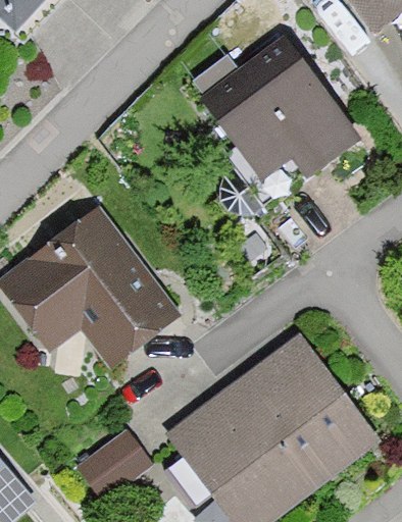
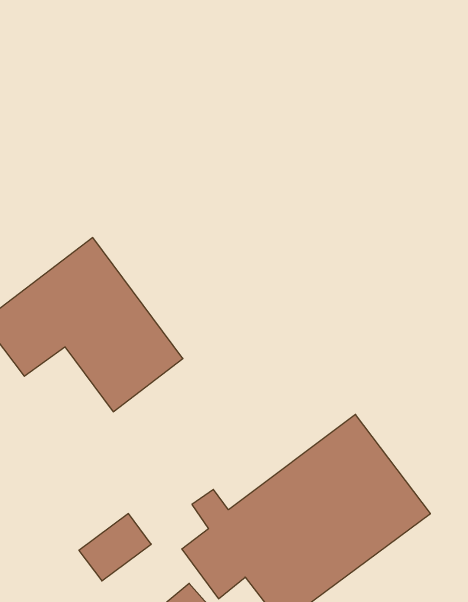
building: [204,37,357,193] -> none

